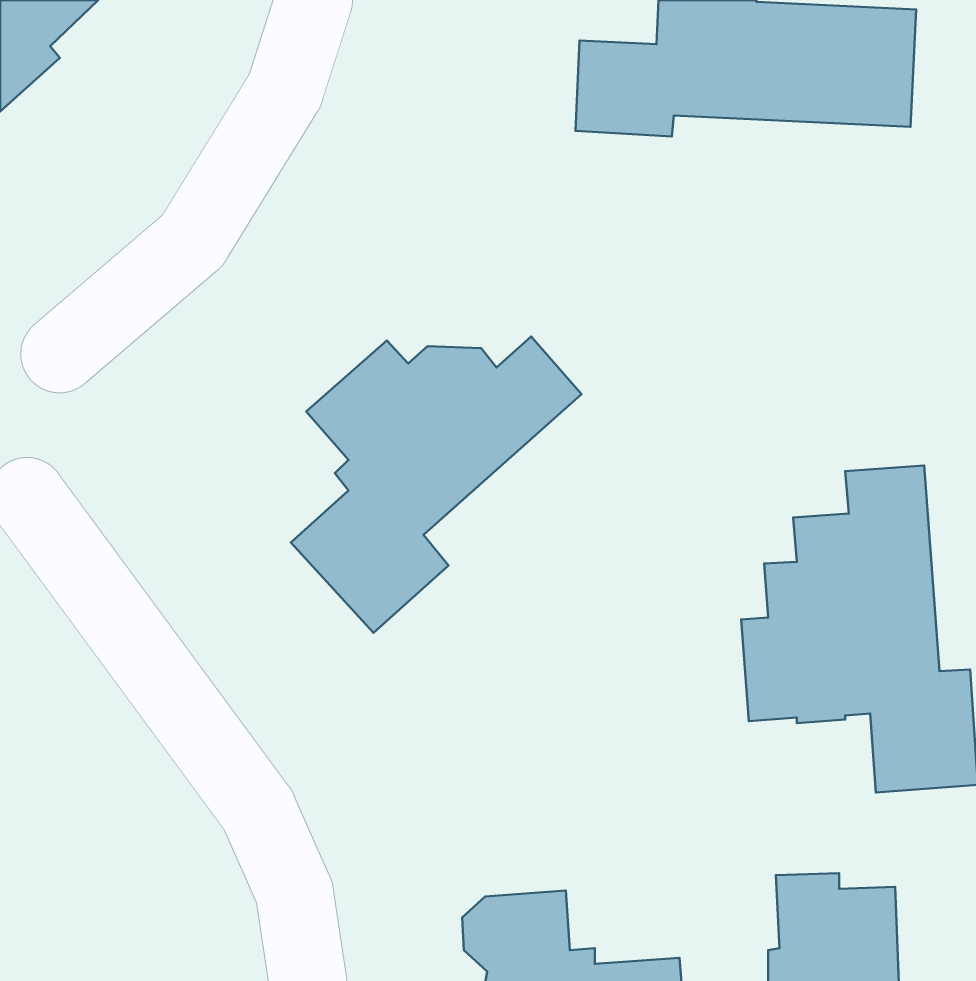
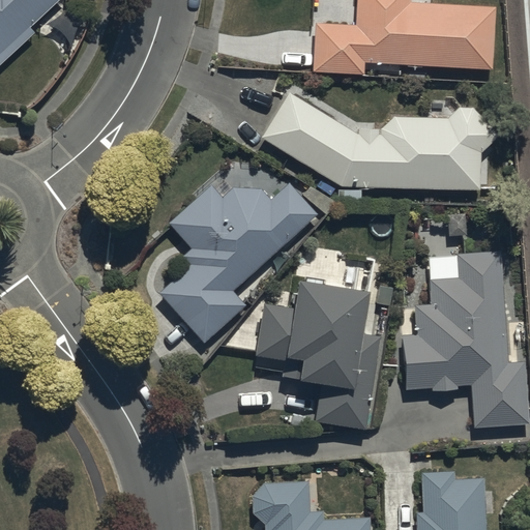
building: none -> [261,92,501,189]
building: none -> [255,278,380,429]

